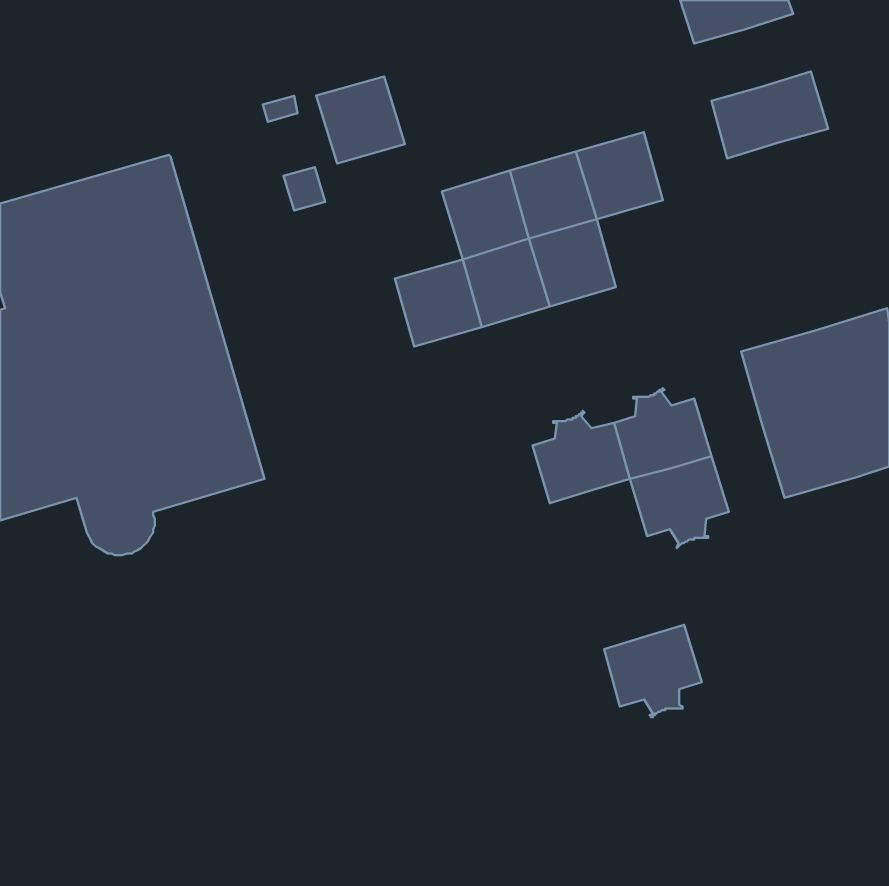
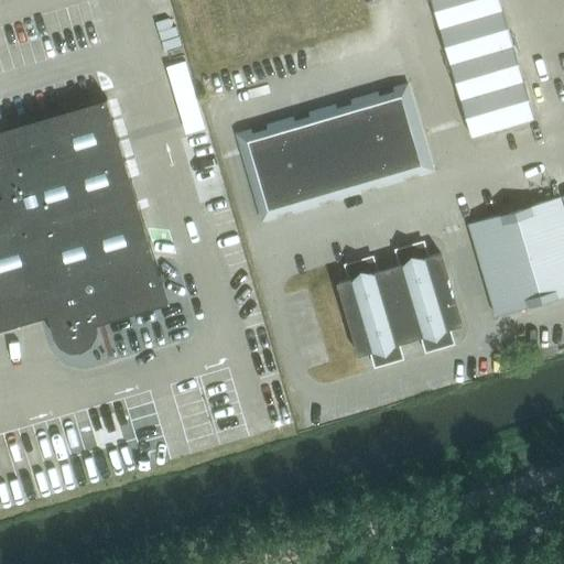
building: none -> [440,11,513,66]
building: [316,76,405,163] -> [237,123,293,178]
building: none -> [460,84,534,138]
building: none -> [378,129,433,184]
building: [604,625,702,717] -> [348,305,410,364]

